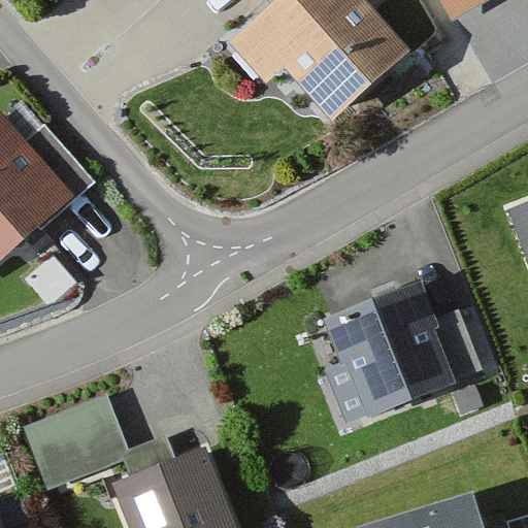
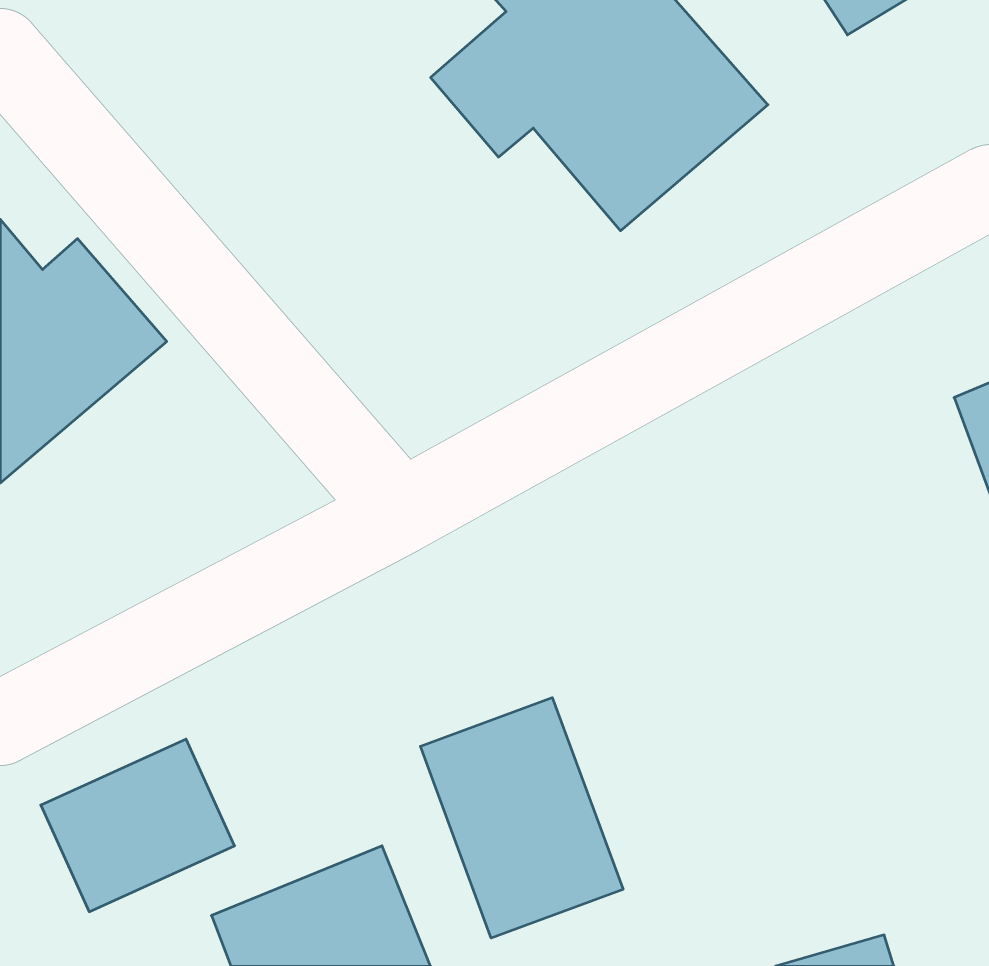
building: [324,284,482,422] -> none
building: none -> [420,698,623,938]

